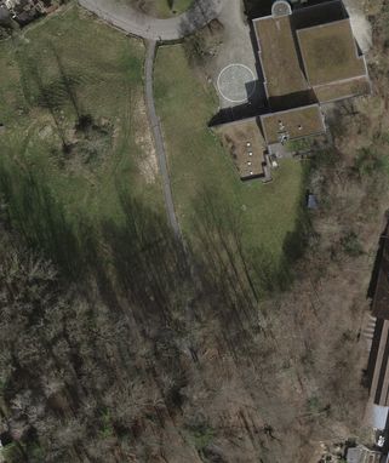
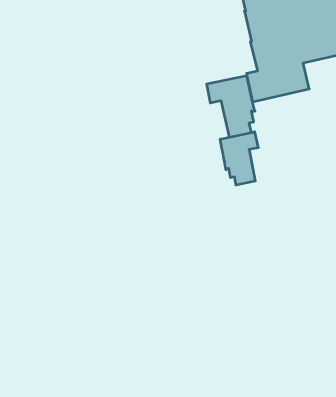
building: none -> [220,132,258,185]

